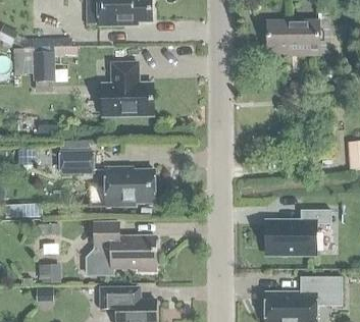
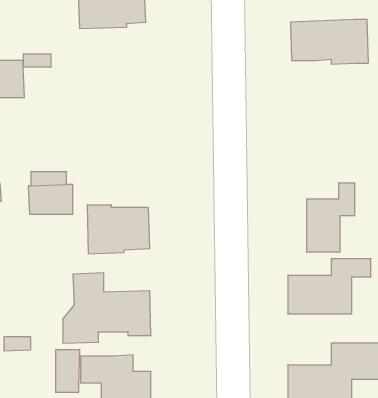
building: [101,62,152,116] -> none
building: none -> [307,183,354,252]
building: none -> [56,349,80,393]

